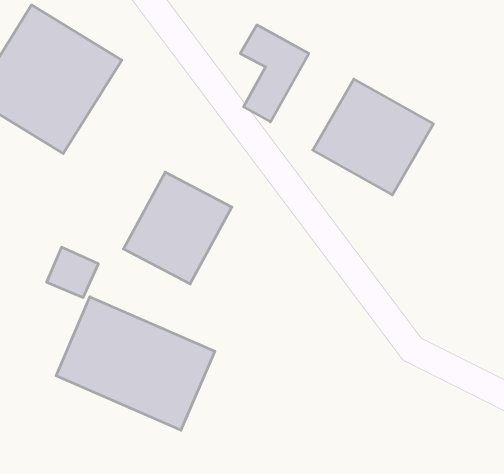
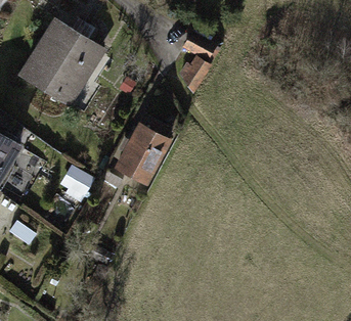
building: [313,79,433,195] -> none
building: [56,297,215,430] -> none

